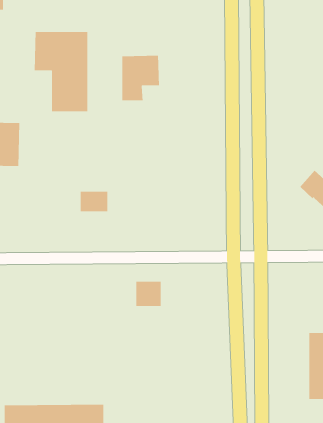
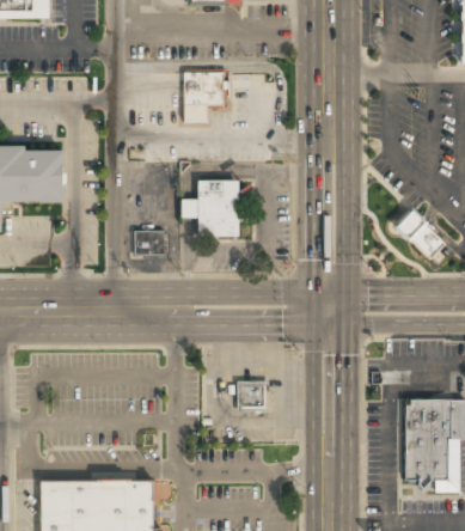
building: [34,31,88,112] -> none
building: none -> [179,181,240,238]
building: [135,281,162,307] -> [235,380,267,411]

